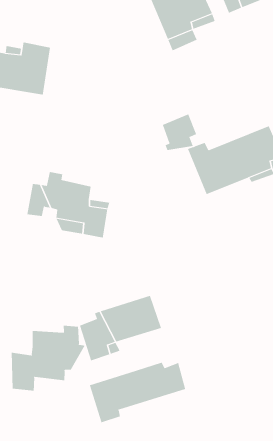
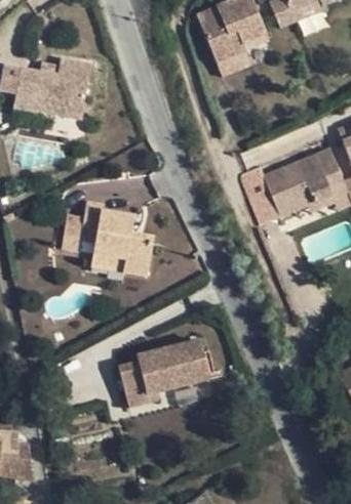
building: [162,113,197,151] -> none
building: [11,325,85,391] -> none
building: [89,362,186,423] -> none

